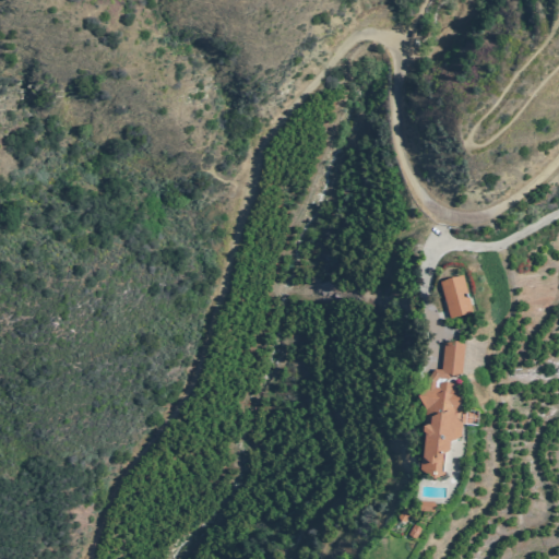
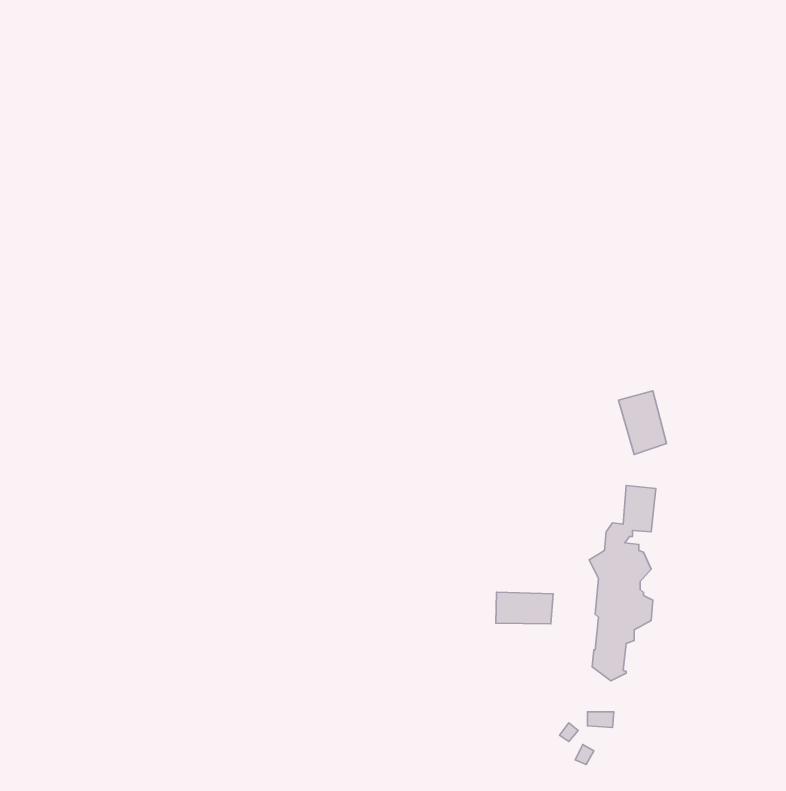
building: none -> [496,592,553,624]

